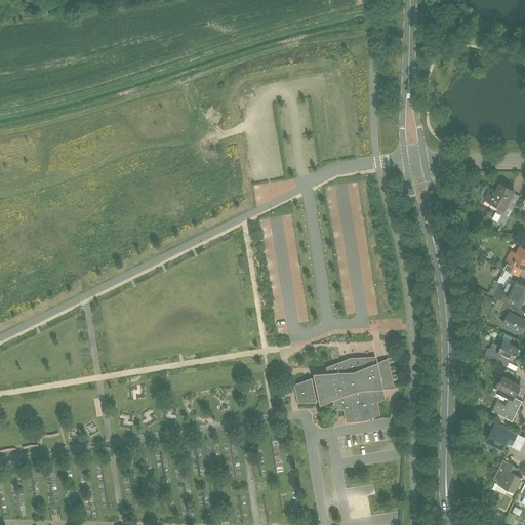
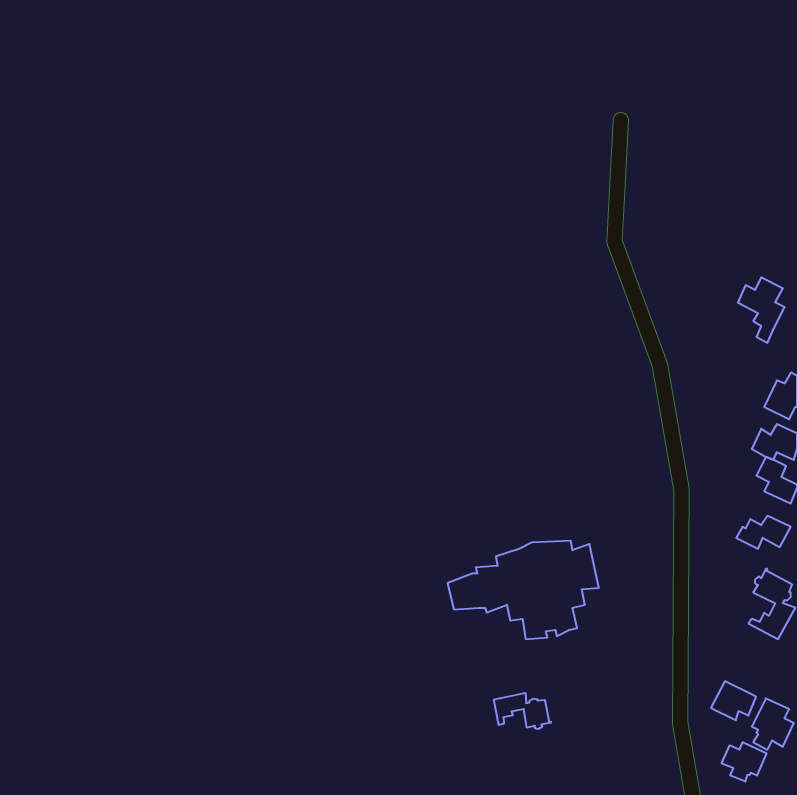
building: [487,422,517,448] -> [711,681,756,720]
building: none -> [494,693,551,729]
building: none -> [722,742,766,782]

